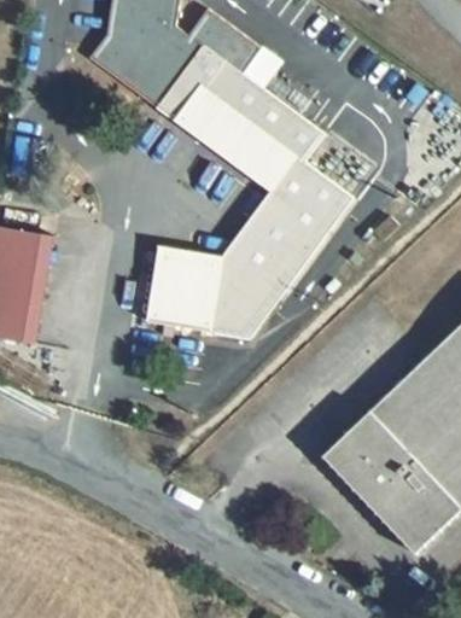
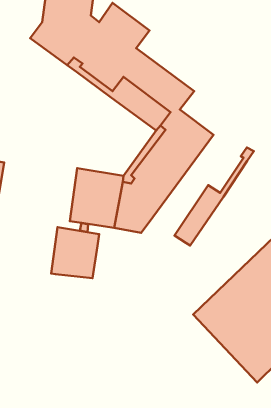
building: none -> [175,147,254,246]
building: none -> [51,227,99,278]

